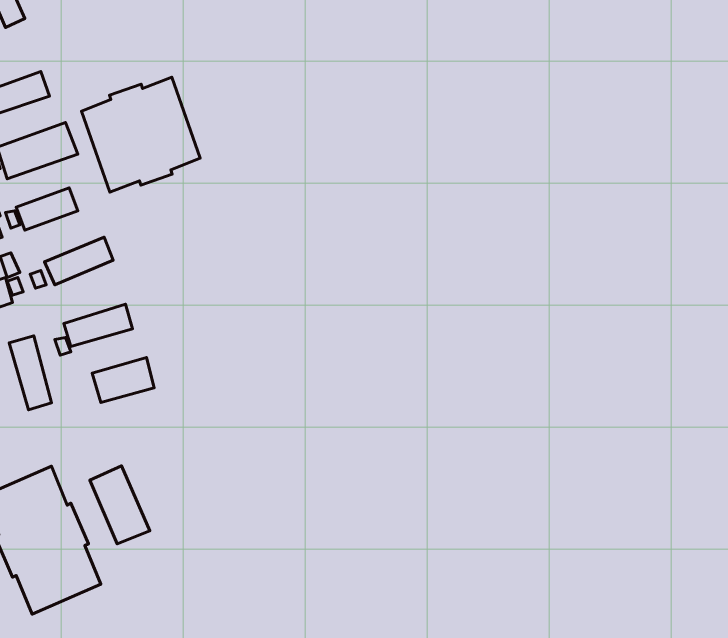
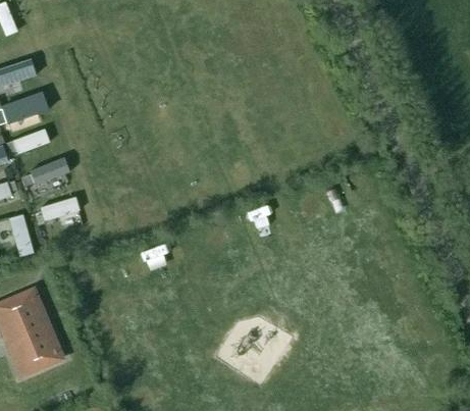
building: [82,77,200,192] -> none
building: [92,358,154,402] -> none
building: [90,466,150,544] -> none

